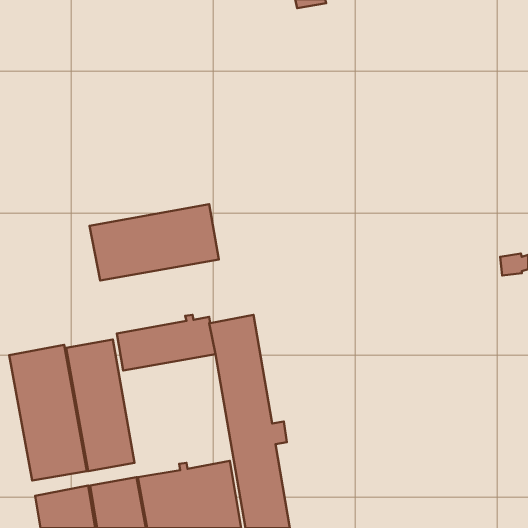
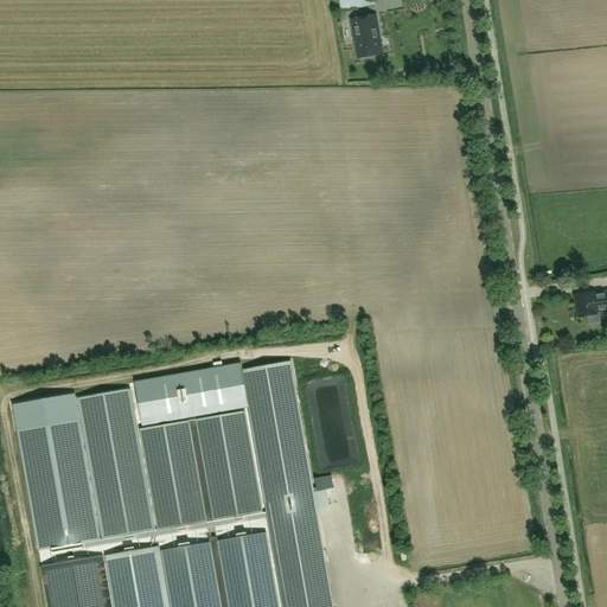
building: none -> [350,14,382,57]
building: [90,204,219,281] -> none
building: none -> [139,410,260,531]

